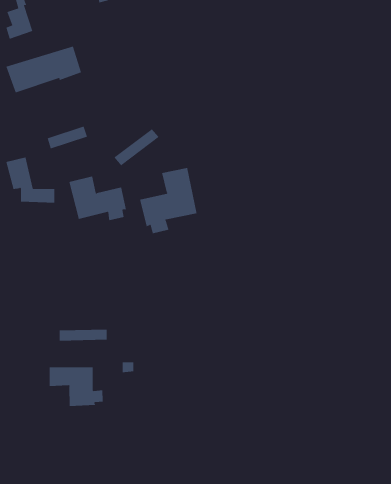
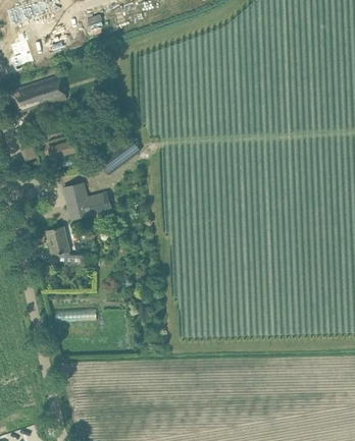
building: [5,157,55,203] -> [45,226,87,265]
building: [140,167,197,234] -> none
building: [49,367,103,407] -> none

